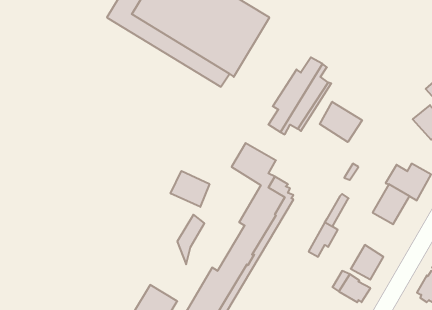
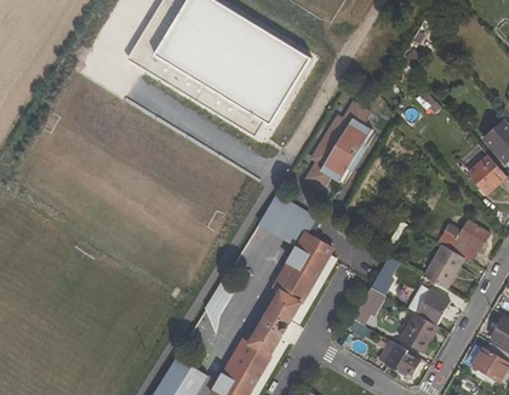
building: [320,102,362,142] -> none
building: [171,171,209,207] -> none
building: none -> [408,285,450,325]

